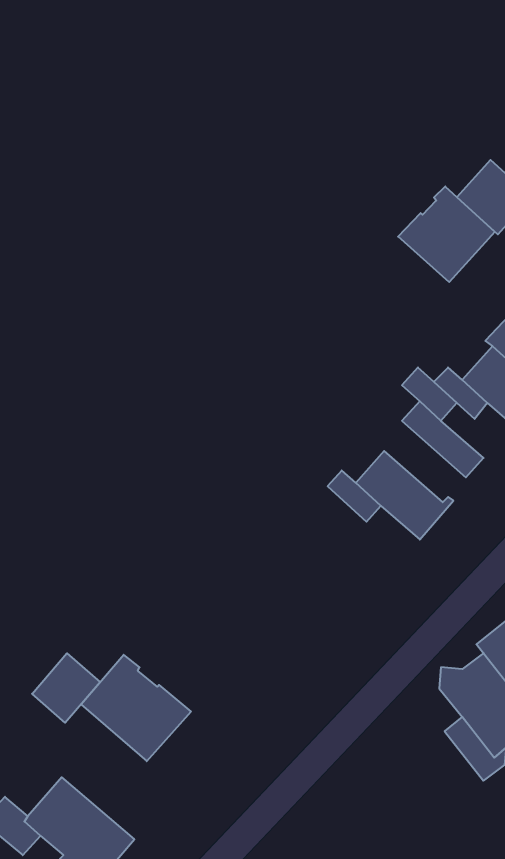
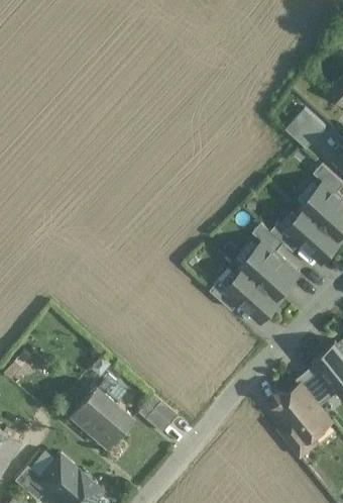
building: [398,186,495,282] -> none
building: none -> [240,253,290,299]
building: [32,653,100,723] -> none

